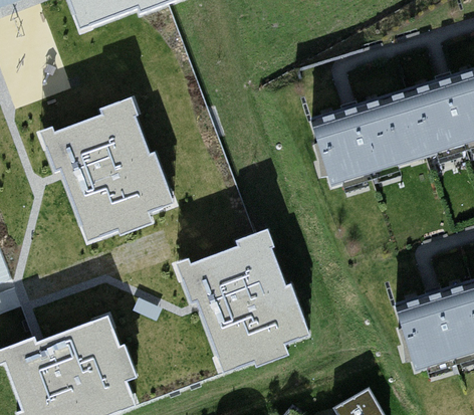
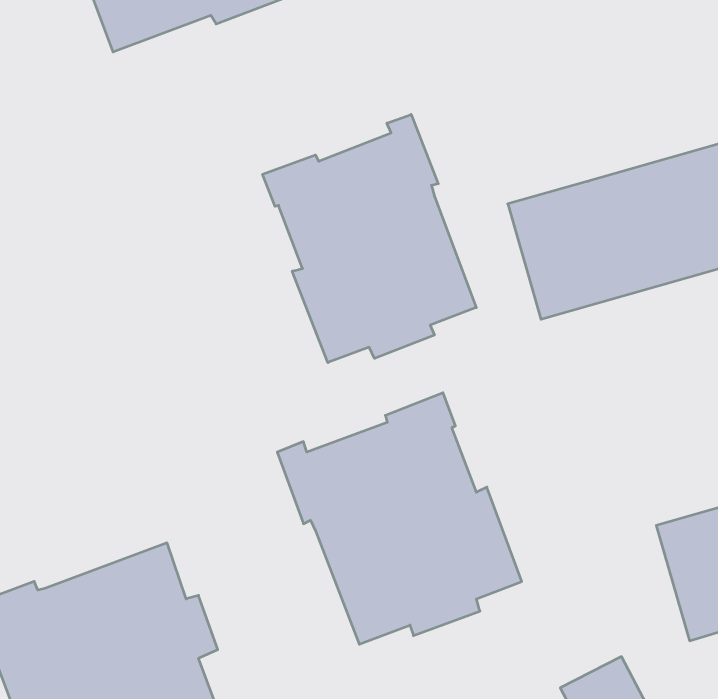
building: none -> [263,114,476,363]
building: [36,97,178,242] -> none

